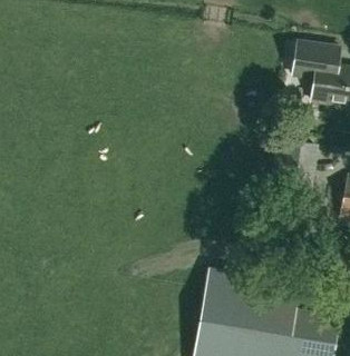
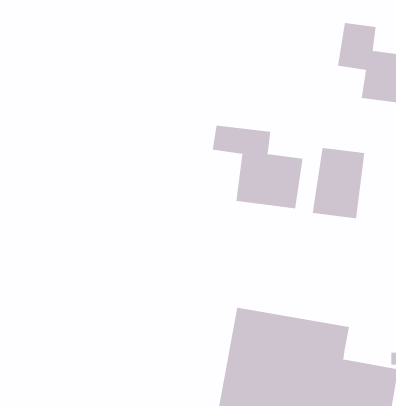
building: none -> [212,125,303,209]

